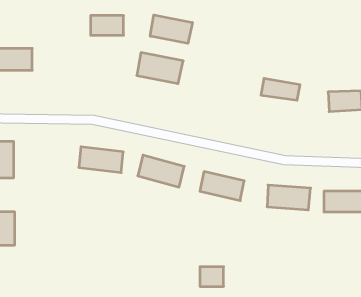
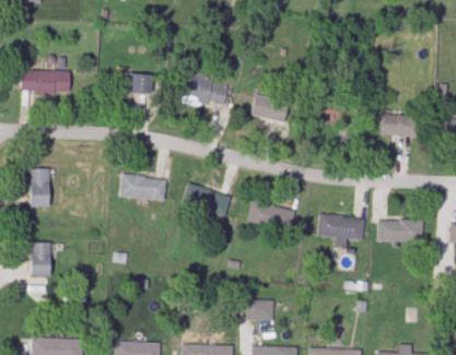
building: [150,15,192,43] -> none
building: [91,16,124,35] -> [118,72,153,93]
building: none -> [252,94,290,122]

